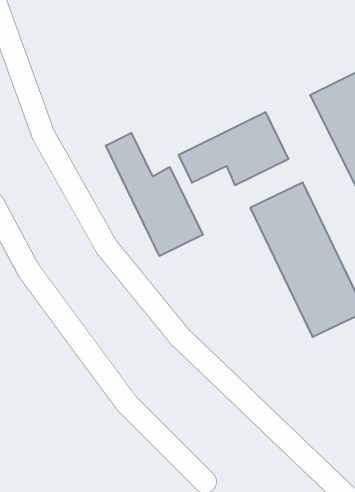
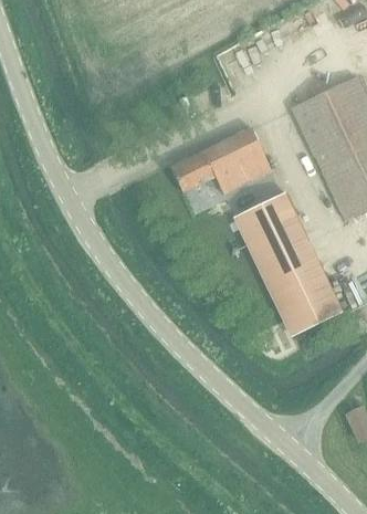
building: [106,133,203,256] -> none

